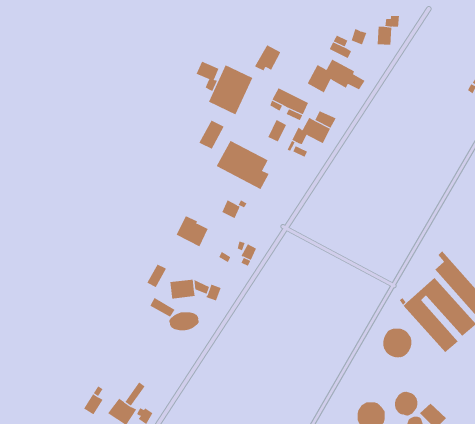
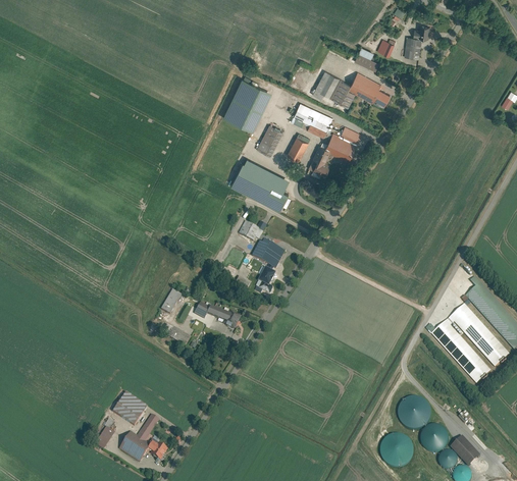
building: [254,45,281,71] -> [311,70,340,99]
building: [196,61,219,92] -> none
building: [199,120,224,149] -> [256,124,283,156]
building: [176,216,209,247] -> [250,235,285,269]
building: [169,311,199,331] -> none
building: [382,328,412,358] -> [400,397,431,429]
building: none -> [111,393,146,426]

